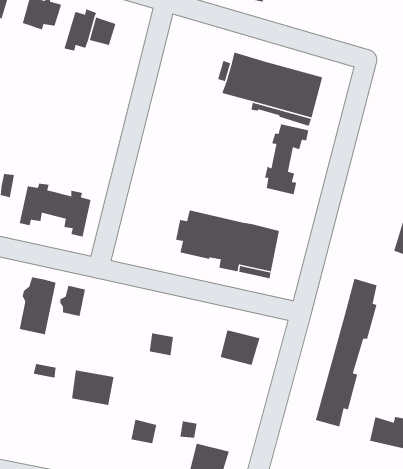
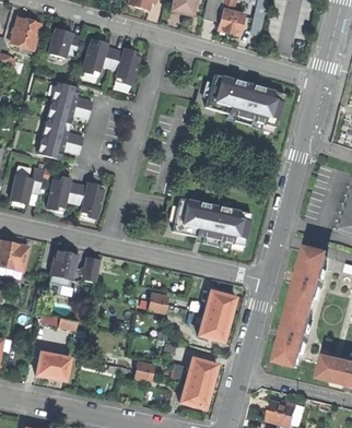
building: none -> [117,47,140,84]
building: none -> [38,82,93,158]
building: [264,123,309,195] -> none
building: none -> [199,312,230,341]
building: [71,369,114,406] -> [37,350,71,379]
building: none -> [186,356,218,385]

